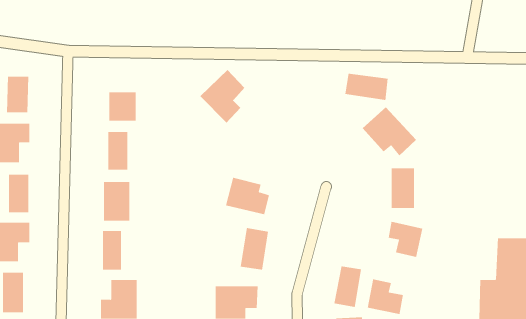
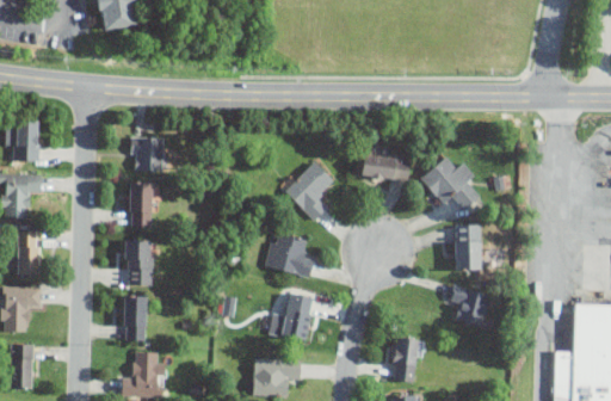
building: [199,69,245,123] -> [283,160,335,222]
building: [345,73,388,100] -> [360,154,411,185]
building: [367,278,403,315] -> none

